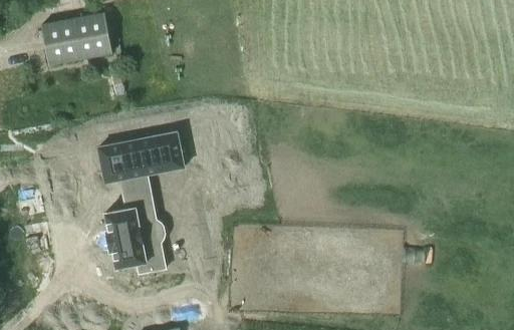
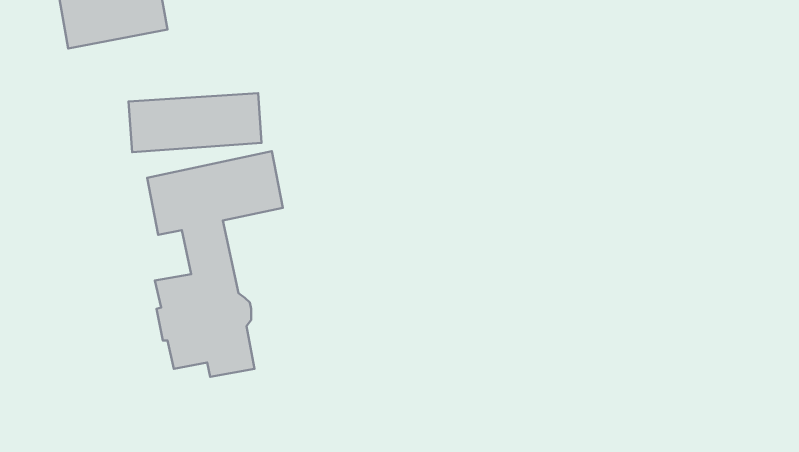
building: none -> [128,93,262,152]

